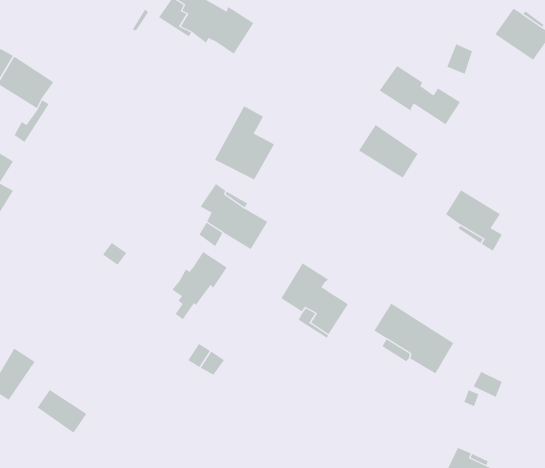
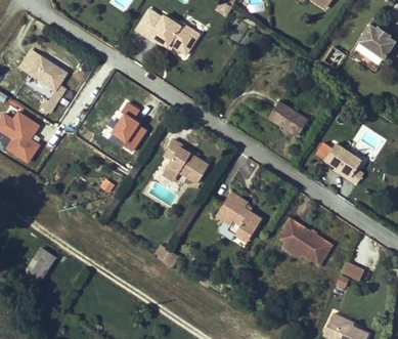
building: [379,65,461,125] -> none
building: [214,106,275,180] -> [107,102,147,152]
building: [172,251,227,320] -> none
building: [37,389,87,434] -> none

